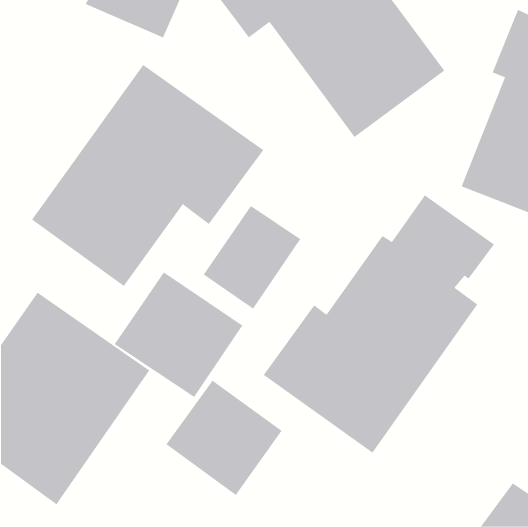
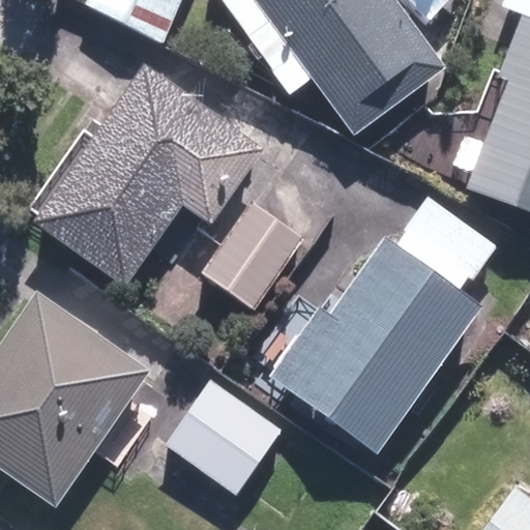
building: [114,271,243,398] -> none

